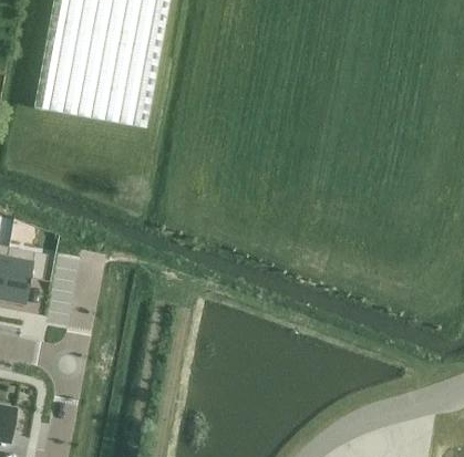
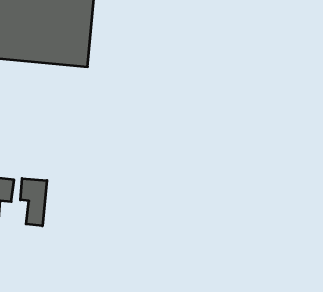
building: none -> [20,178,47,226]

